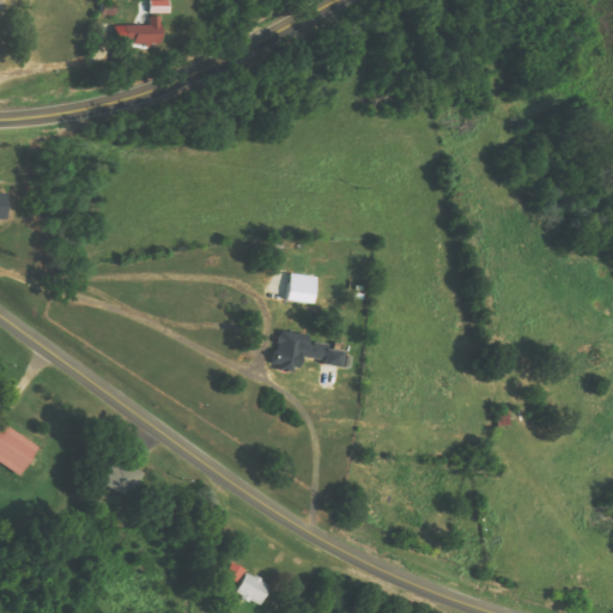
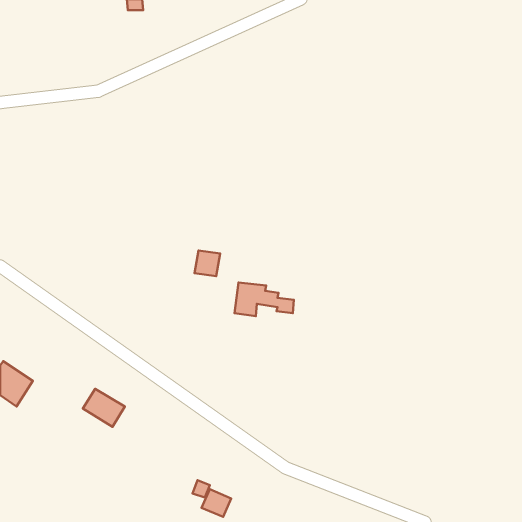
building: [115,16,163,43] -> none
building: [287,273,317,303] -> [195,251,220,276]

